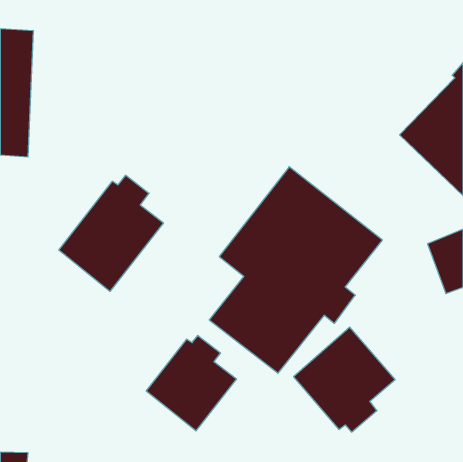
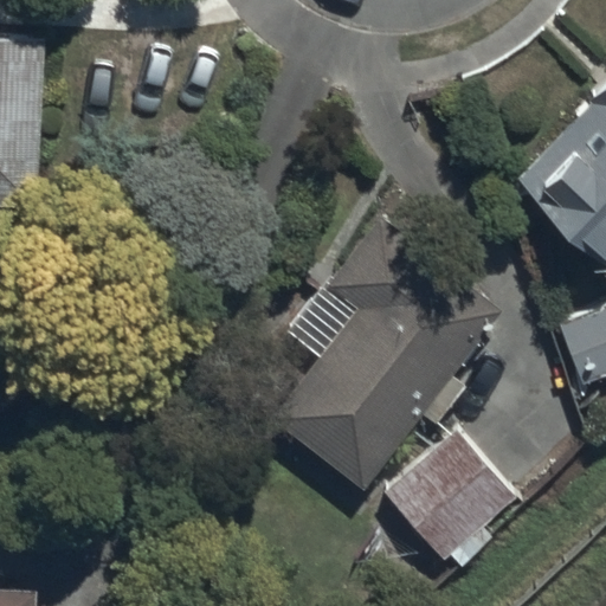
building: [59,175,163,291] -> none
building: [146,335,236,431] -> none

